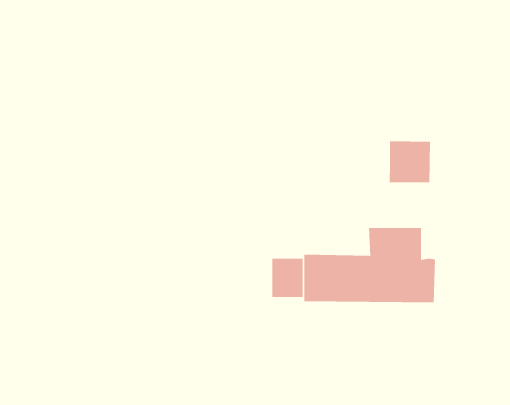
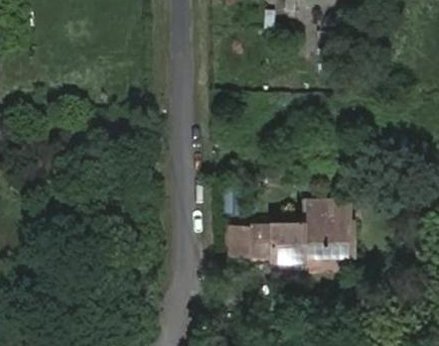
building: [389,141,430,183] -> none

